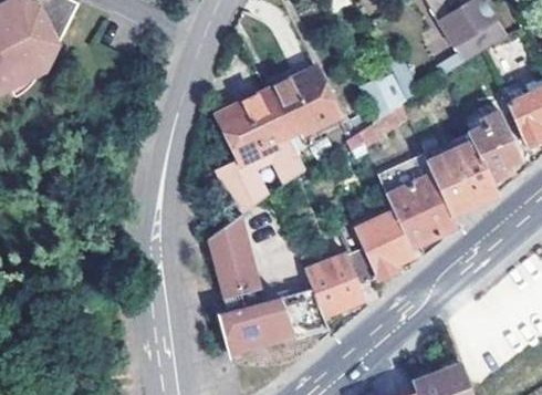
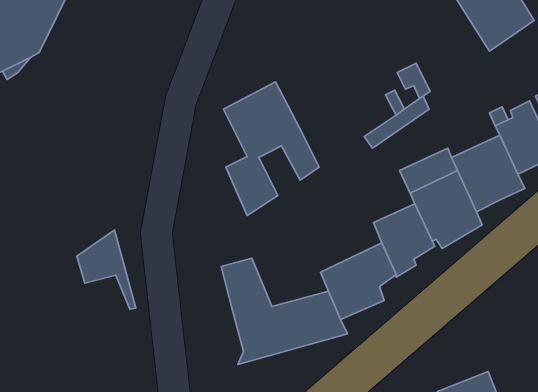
building: [263,66,338,136] -> none
building: [205,215,260,289] -> [77,230,136,309]

